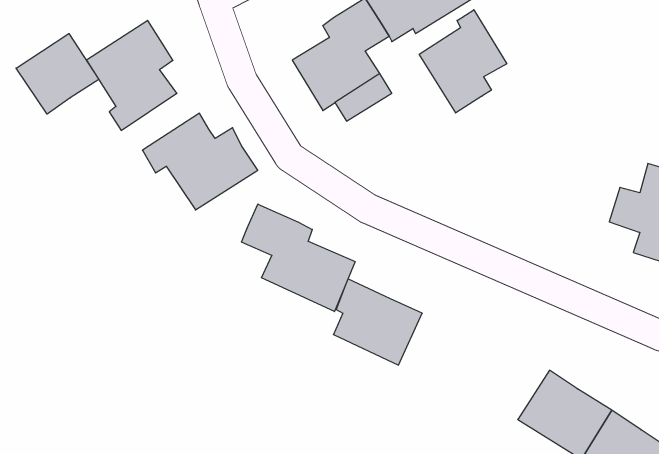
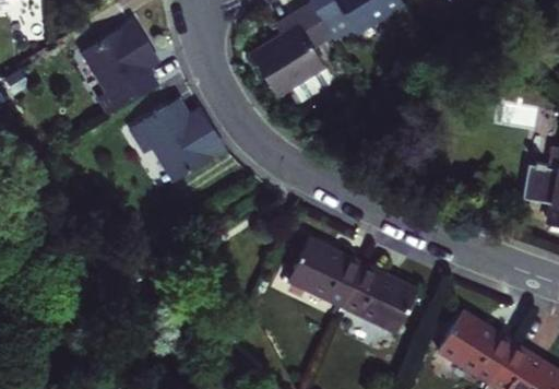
building: [419,10,507,113] -> none
building: [16,34,99,114] -> none
building: [242,204,355,312] -> none
building: none -> [342,264,416,333]

